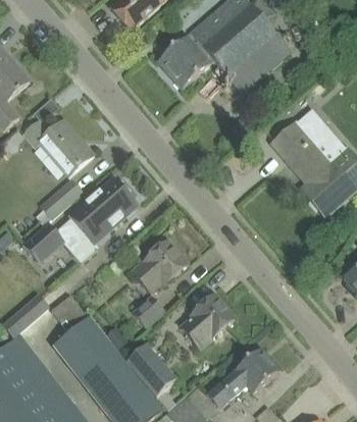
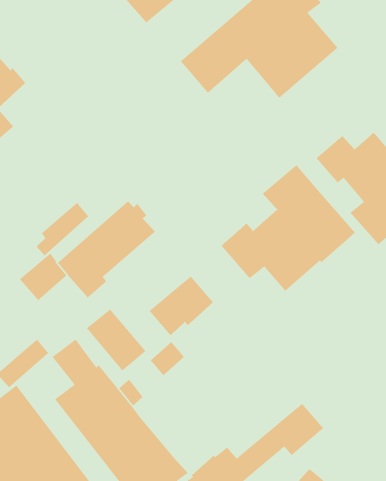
building: [23,120,94,176] -> none
building: none -> [221,164,356,292]
building: [180,295,234,349] -> none
building: [125,345,176,398] -> [86,309,146,372]

